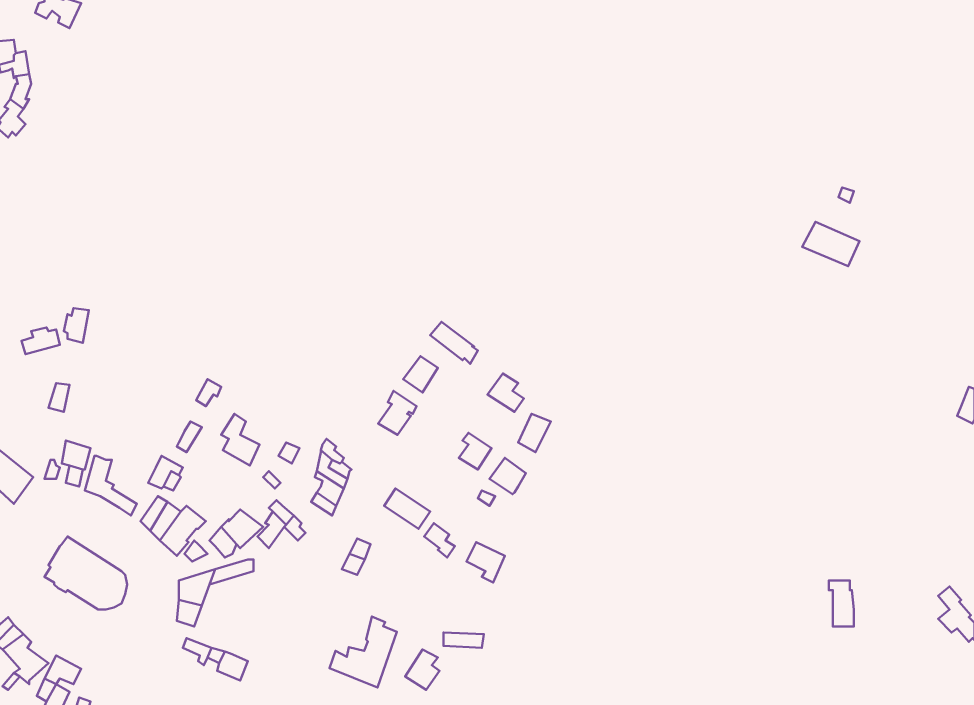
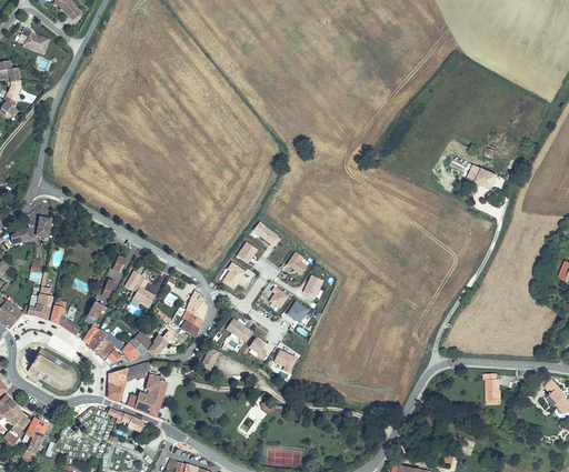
building: [330,616,397,687] -> [124,373,163,414]

